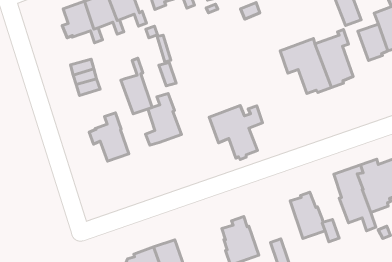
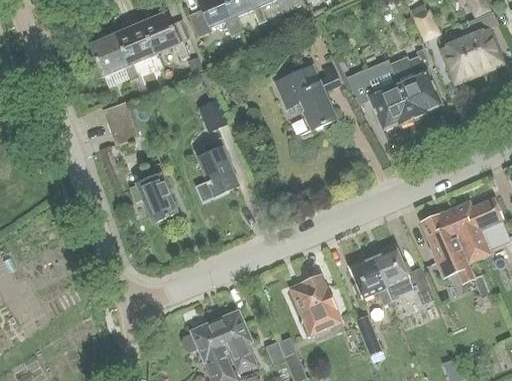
building: [121,58,152,114] -> none
building: [209,106,263,159] -> [275,65,339,130]
building: none -> [349,256,390,304]

